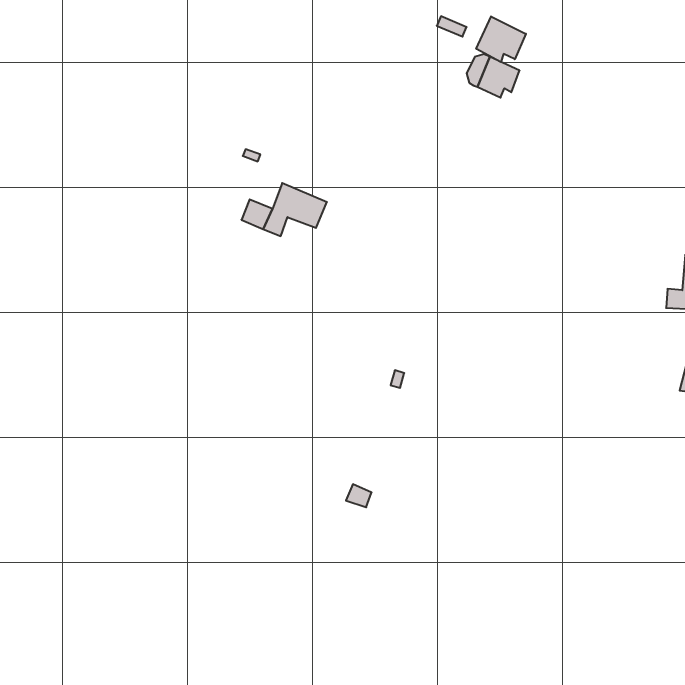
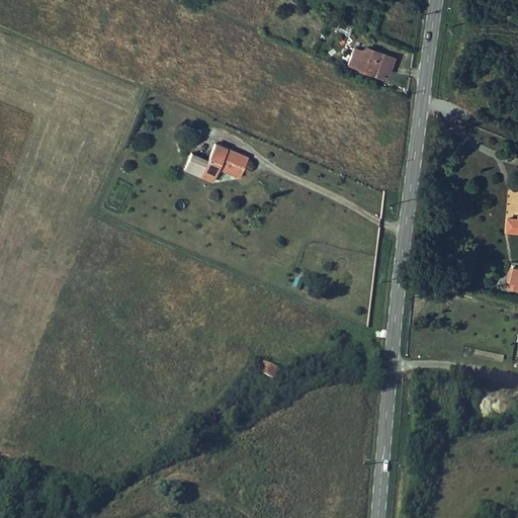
building: [476,16,526,62] -> none

